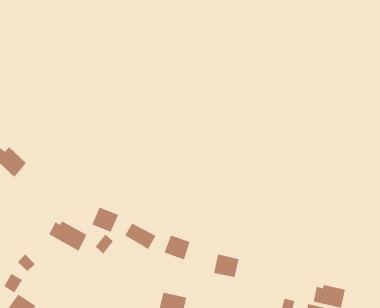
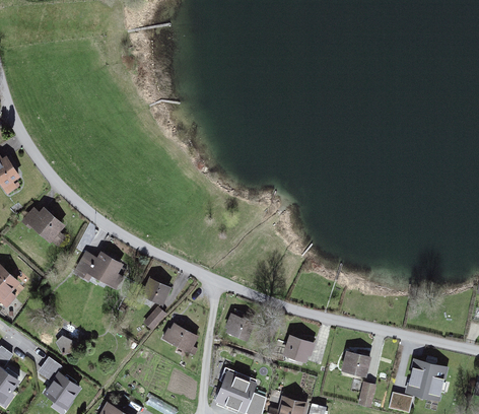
building: [48,220,87,252] -> [77,251,123,287]
building: [124,222,156,250] -> [163,324,201,356]
building: none -> [339,346,373,375]

